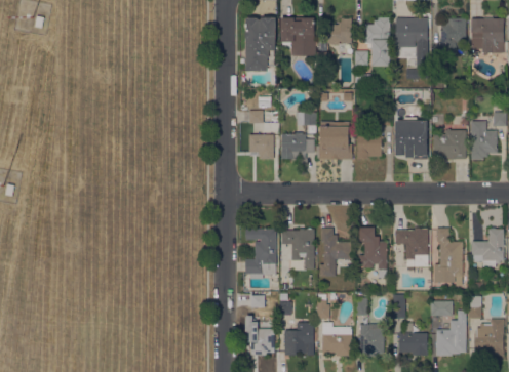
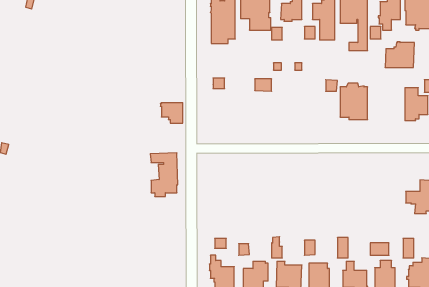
building: [319,121,353,159] -> none
building: [433,128,467,158] -> [385,42,414,67]
building: [281,132,314,158] -> none
building: [357,133,383,158] -> none
building: [248,134,274,158] -> [160,103,183,123]
building: [359,226,387,277] -> none
building: [245,228,277,278] -> [150,153,178,196]
building: [319,228,351,276] -> none
building: [395,228,428,270] -> none
building: [434,228,463,285] -> none
building: [282,229,315,270] -> none

